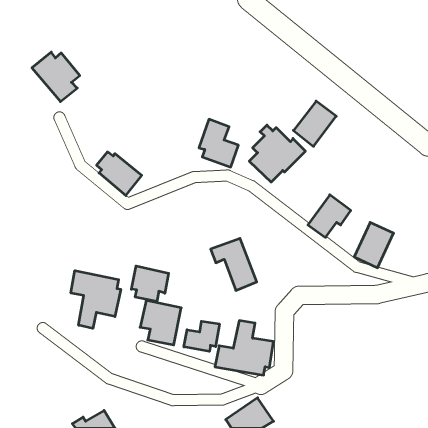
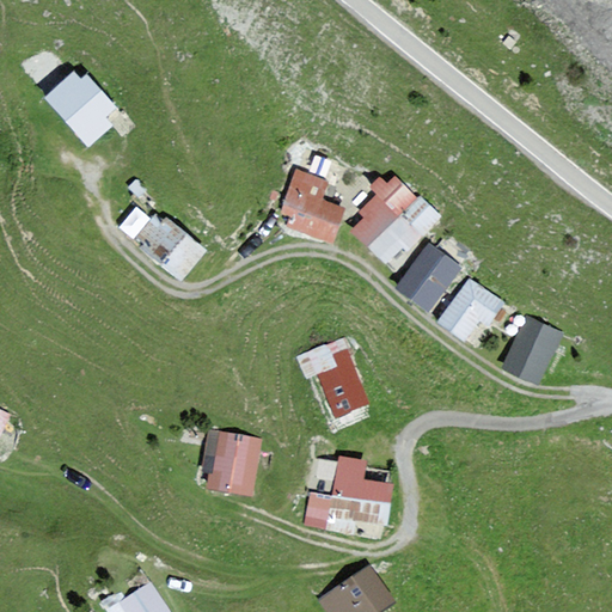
building: [293,101,336,146] -> [398,244,459,308]
building: [131,266,169,301] -> none
building: [71,271,121,328] -> none
building: [184,321,219,351] -> none

